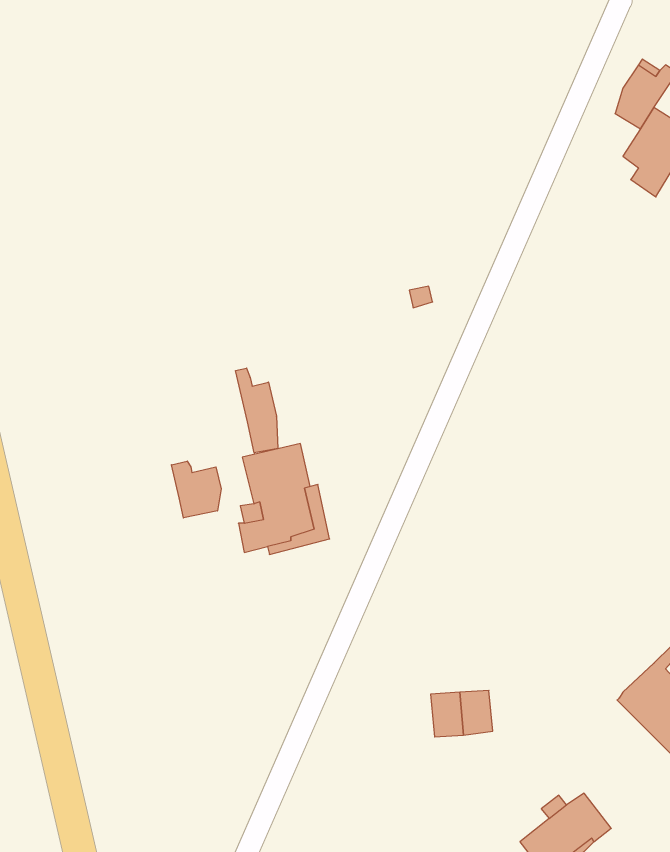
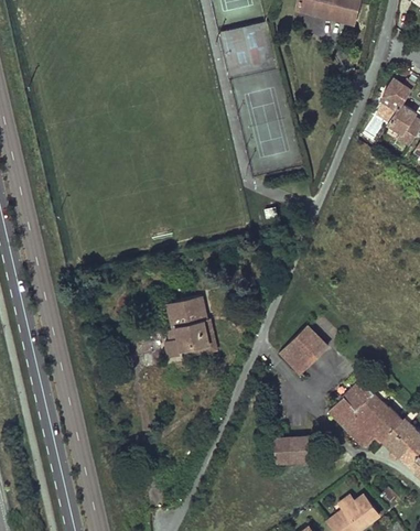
building: [236,368,278,453] -> none
building: [171,461,221,518] -> none
building: none -> [280,326,326,371]
building: none -> [329,381,401,448]

